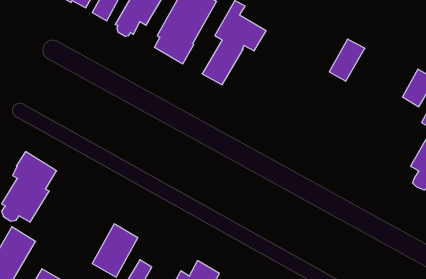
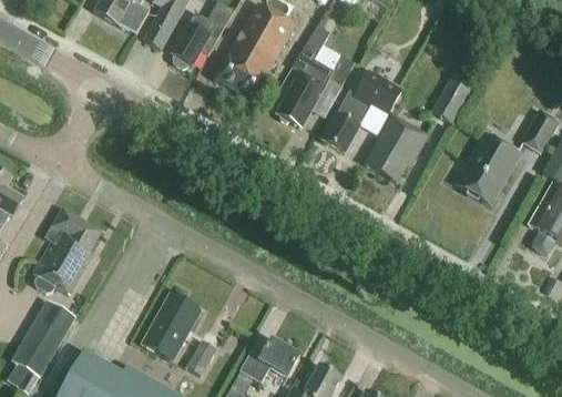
building: none -> [321,71,401,153]
building: none -> [364,115,428,183]
building: none -> [457,136,519,204]

